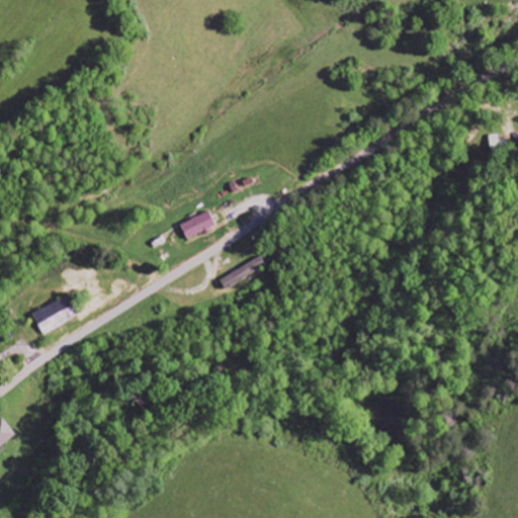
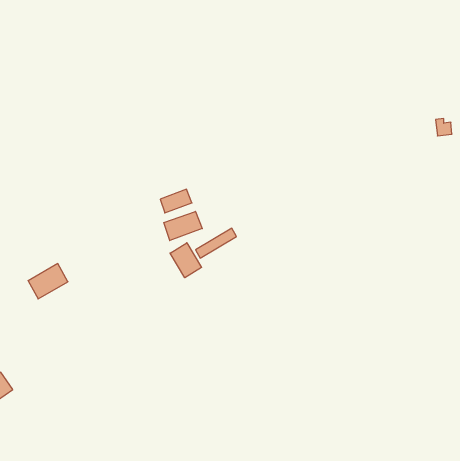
building: none -> [164,211,202,241]
building: none -> [170,243,202,278]

